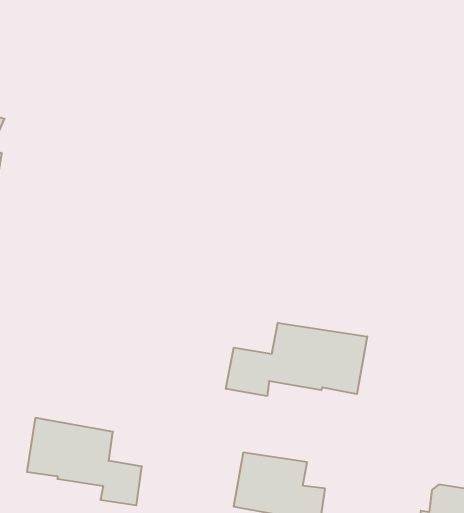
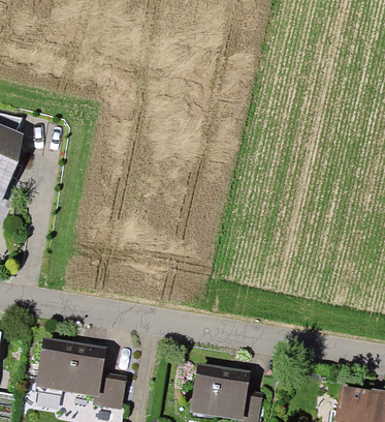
building: [226,323,367,396] -> none

